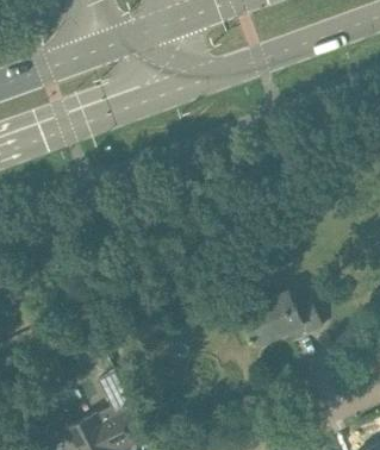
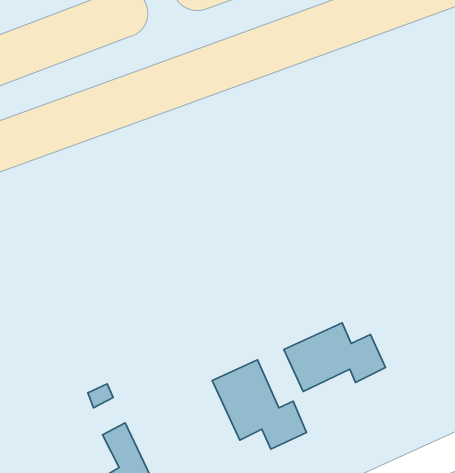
building: none -> [212,360,306,449]

